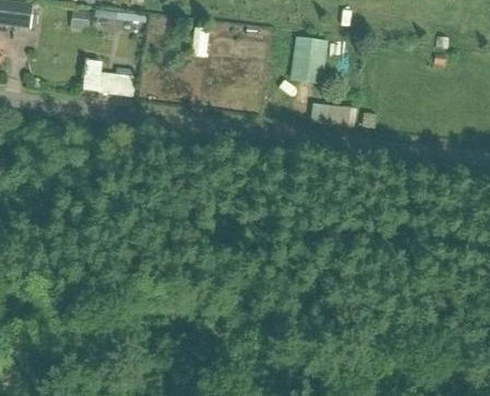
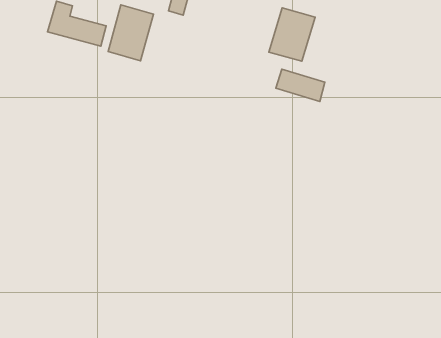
building: none -> [108,5,153,61]

